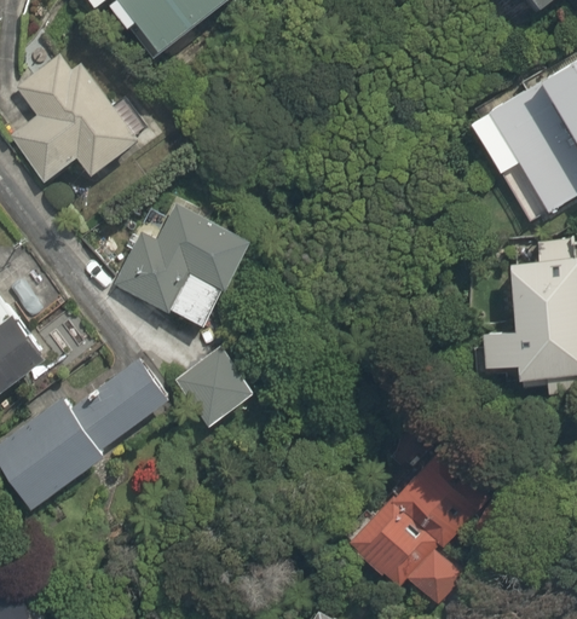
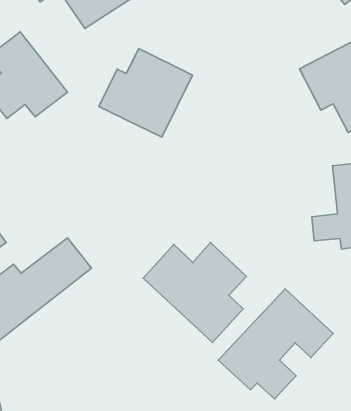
building: [112,204,249,334] -> [99,49,193,137]
building: [177,349,253,424] -> none
building: none -> [143,243,246,342]

